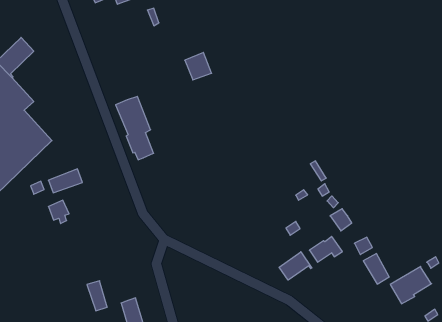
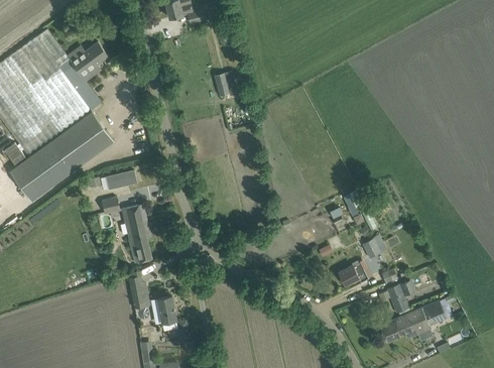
building: [185,52,212,80] -> [214,72,237,96]
building: [116,96,154,160] -> [122,205,151,263]
building: [279,252,312,280] -> none
building: none -> [379,315,416,342]

